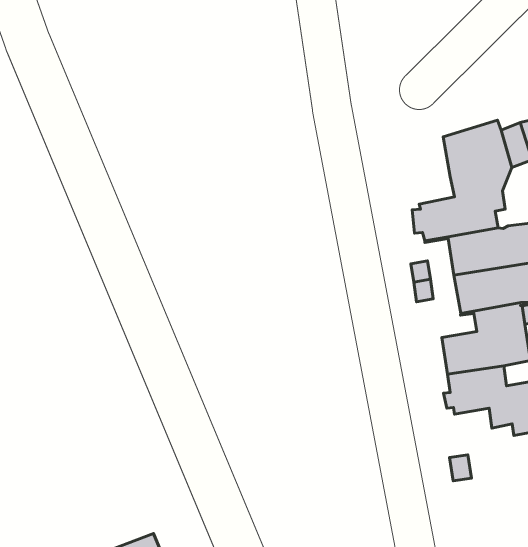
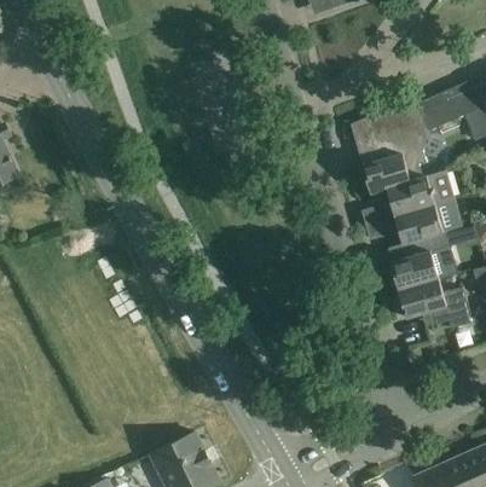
building: none -> [351,114,388,166]

